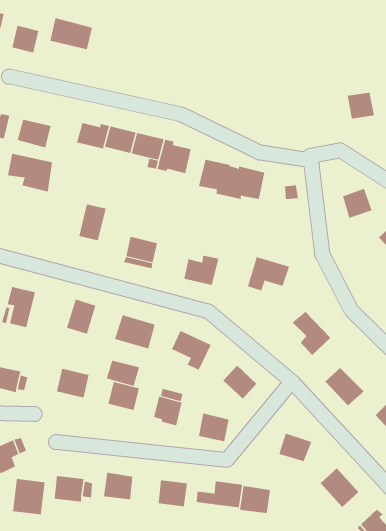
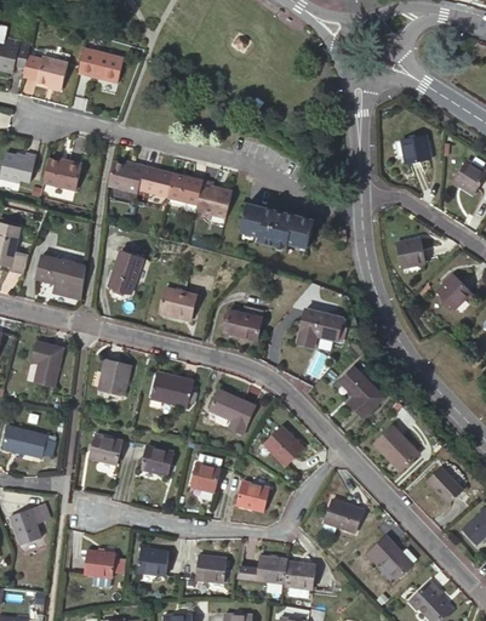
building: [7,153,53,192] -> [36,255,86,297]
building: [106,360,140,387] -> none
building: [13,478,45,515] -> none

